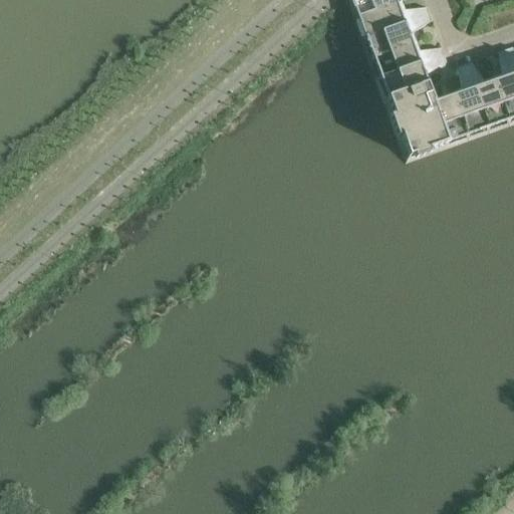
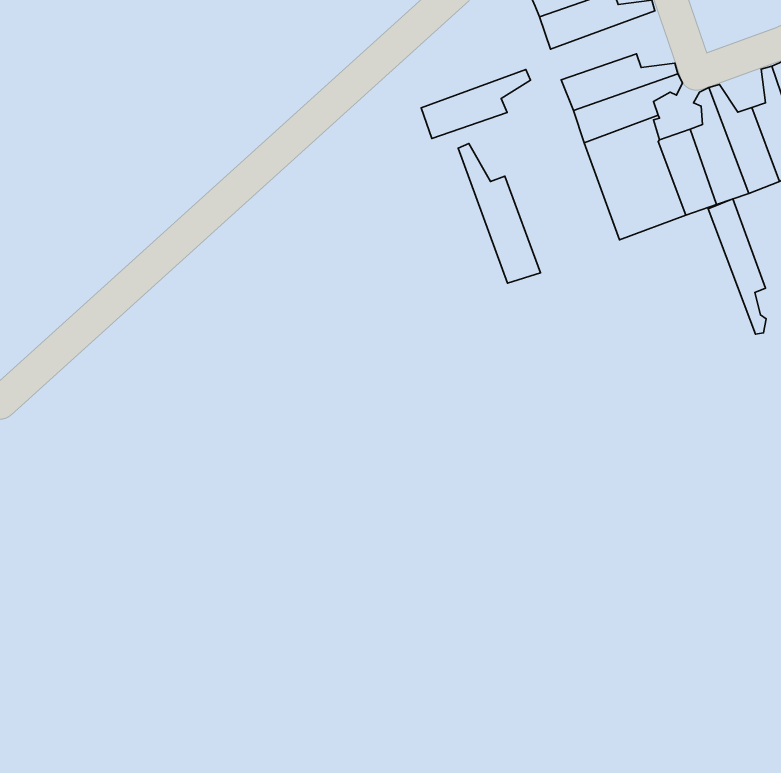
building: [362,7,434,52] -> [421,69,530,139]
building: none -> [458,143,541,283]
building: none -> [708,199,766,334]

